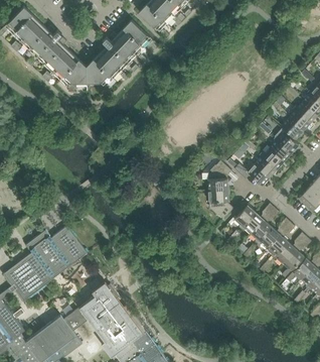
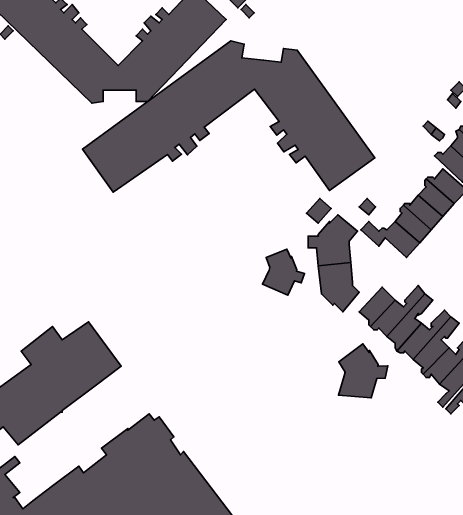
building: none -> [82,41,375,192]
building: none -> [262,249,304,295]
building: none -> [338,344,388,398]

